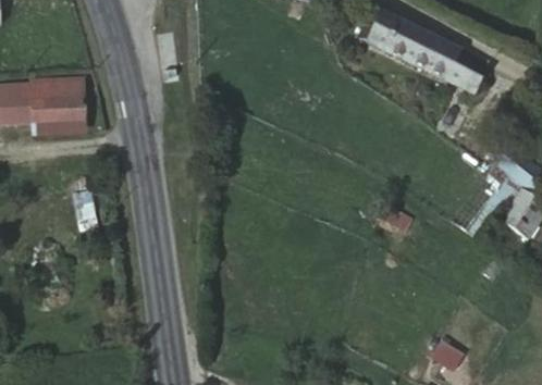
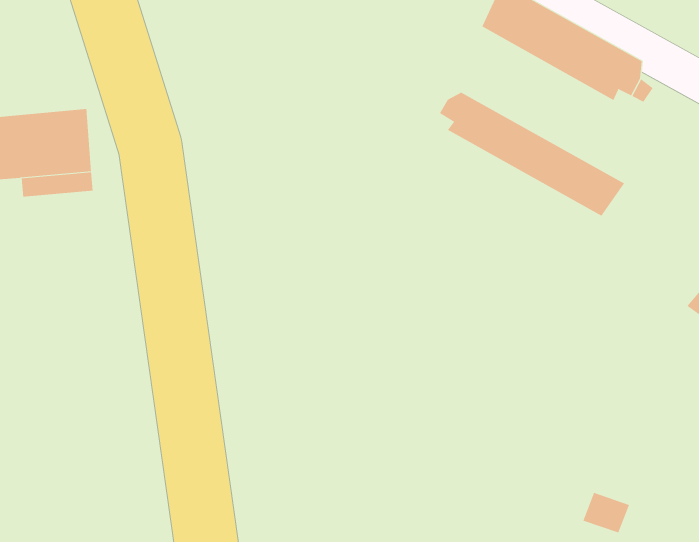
building: none -> [439,92,625,216]

